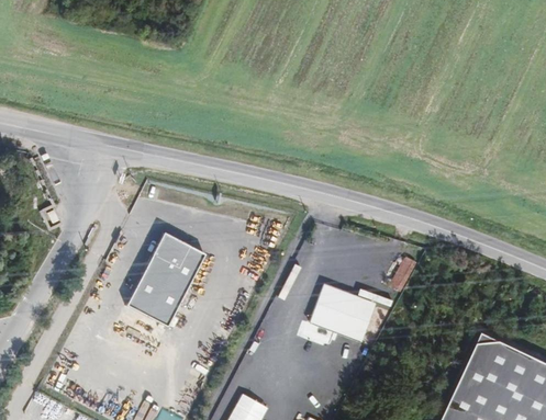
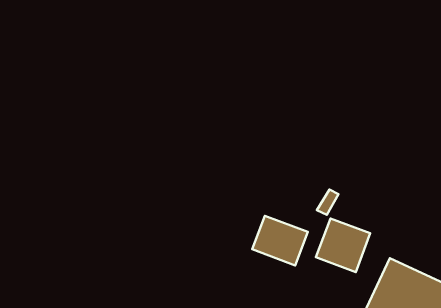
building: [123,237,202,331] -> none
building: none -> [316,218,370,272]

